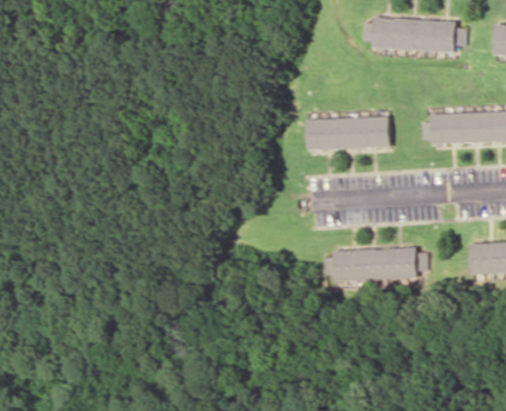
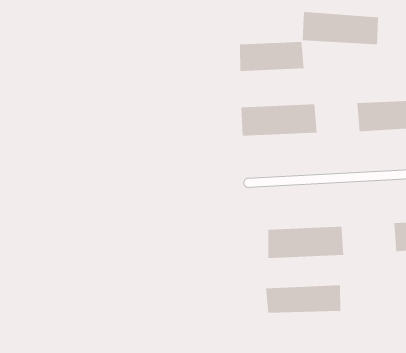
building: none -> [240,41,304,72]
building: none -> [265,285,341,313]

